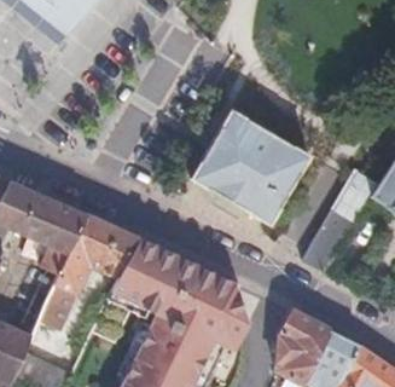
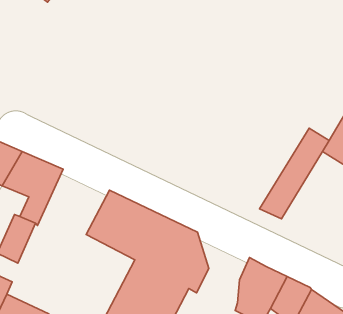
building: [187,106,309,224] -> none
building: [37,214,135,329] -> none

